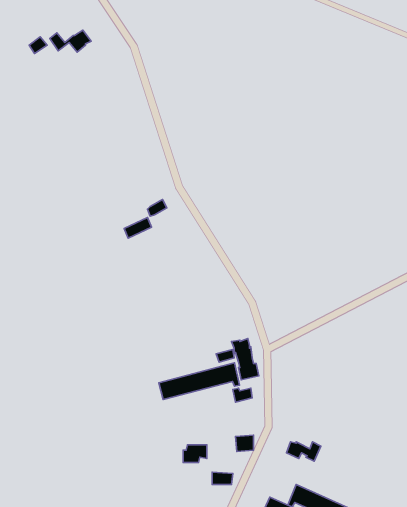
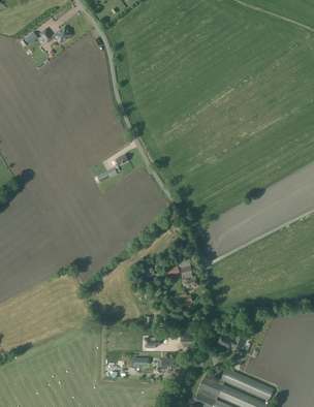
building: [159,363,239,399] -> none

